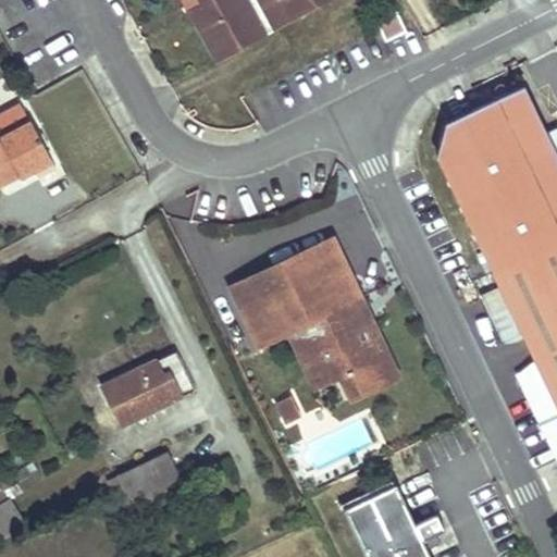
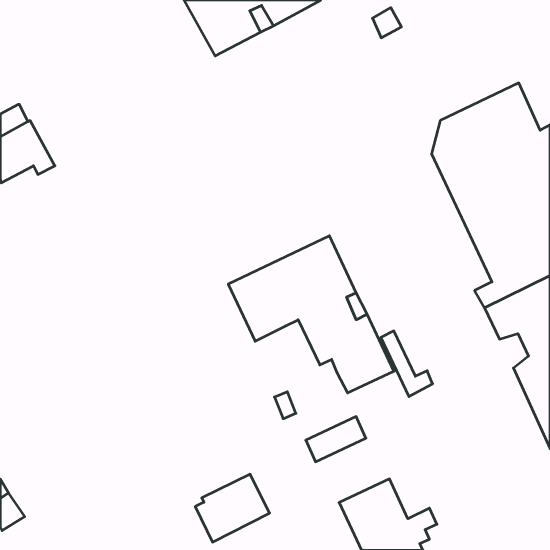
building: [288,323,341,389] -> [381,331,433,397]
building: [102,350,194,423] -> none
building: [111,450,186,519] -> [195,474,270,542]

